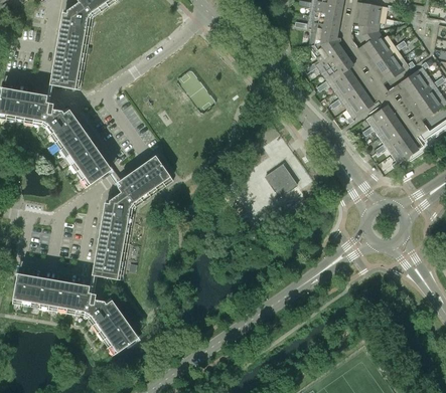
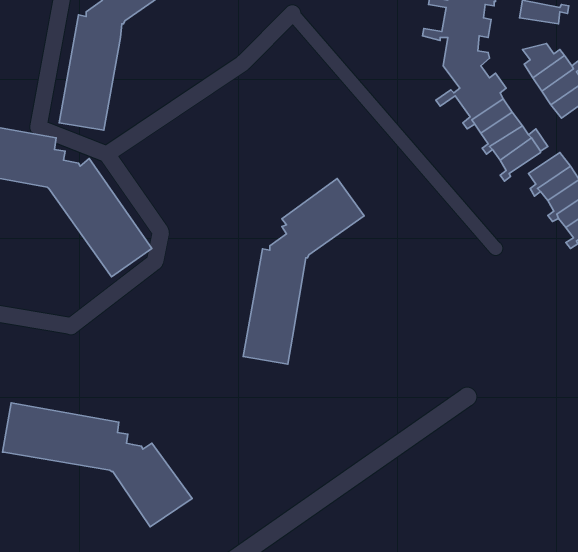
building: [358,13,387,34] -> none
building: [93,154,174,278] -> [243,178,364,364]
building: [266,164,297,196] -> none

